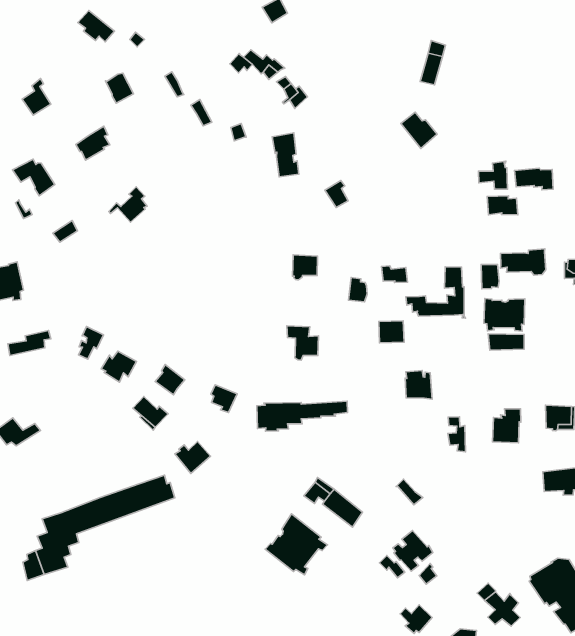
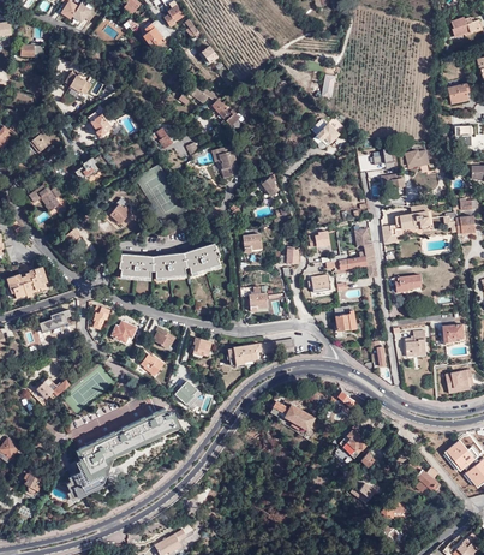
building: none -> [118,243,221,279]
building: [484,299,525,331] -> none
building: [265,514,327,575] -> none

